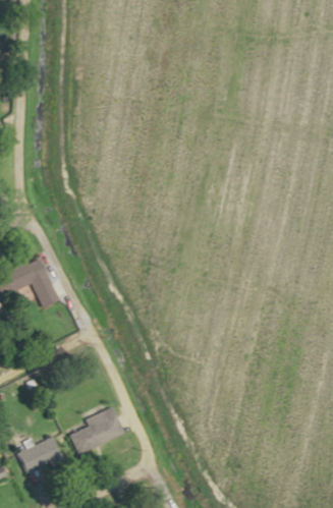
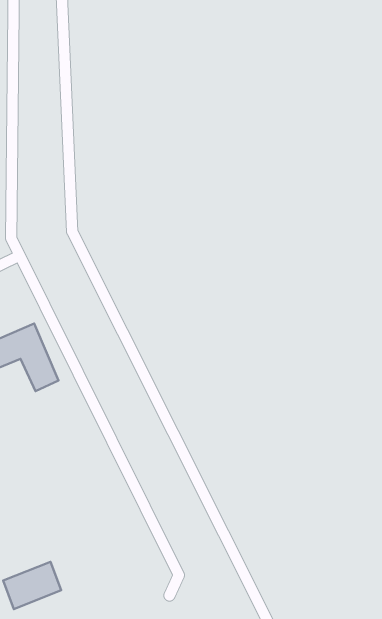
building: [69,407,124,453] -> none

